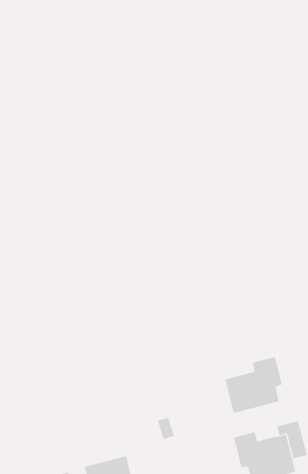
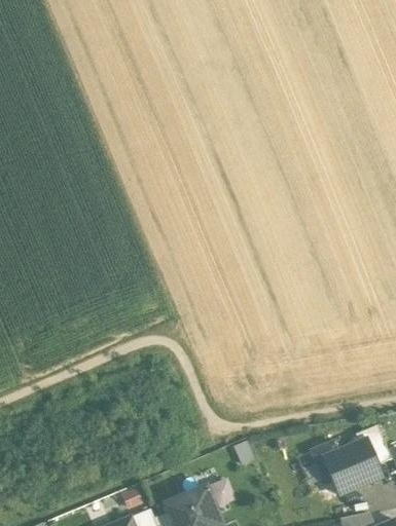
building: [225,357,282,414] -> none

